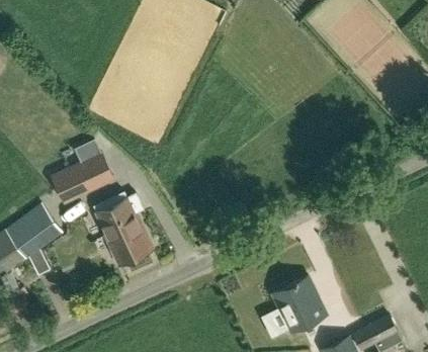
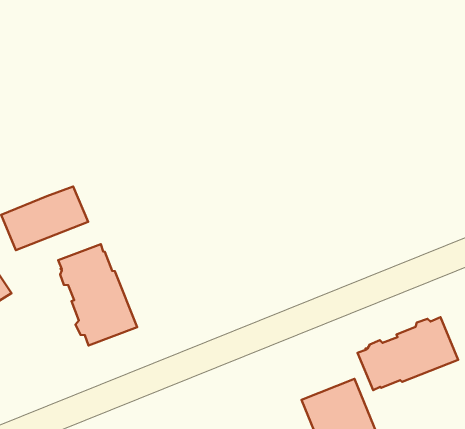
building: none -> [358,317,458,390]

